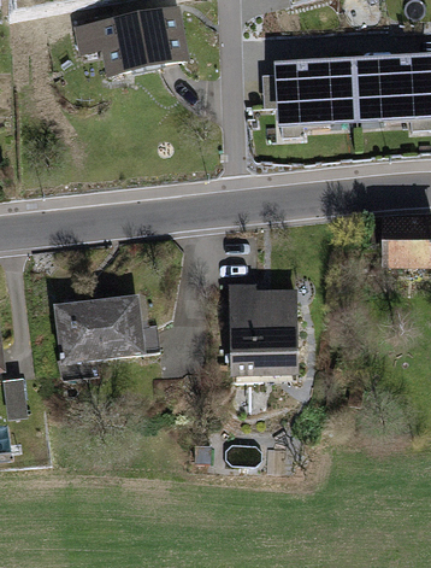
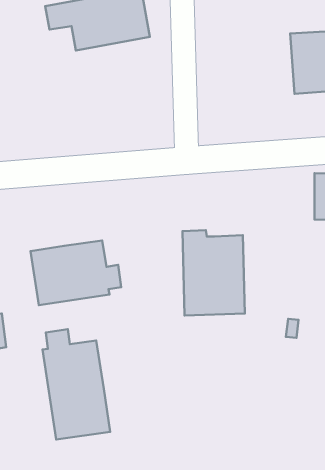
building: [267,57,356,139] -> none
building: none -> [43,329,110,440]

